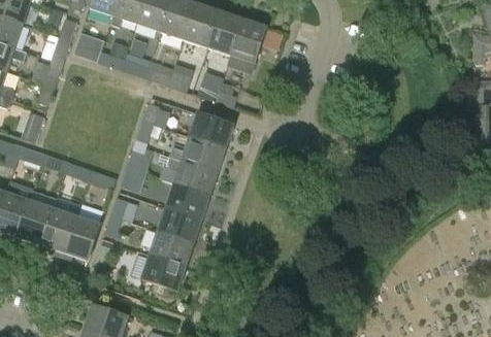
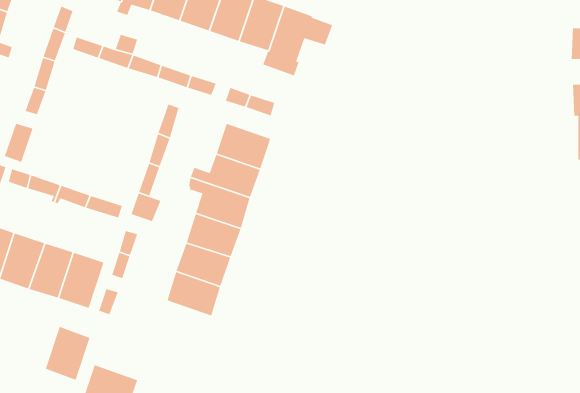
building: [141,255,186,291] -> none
building: none -> [45,326,91,381]

